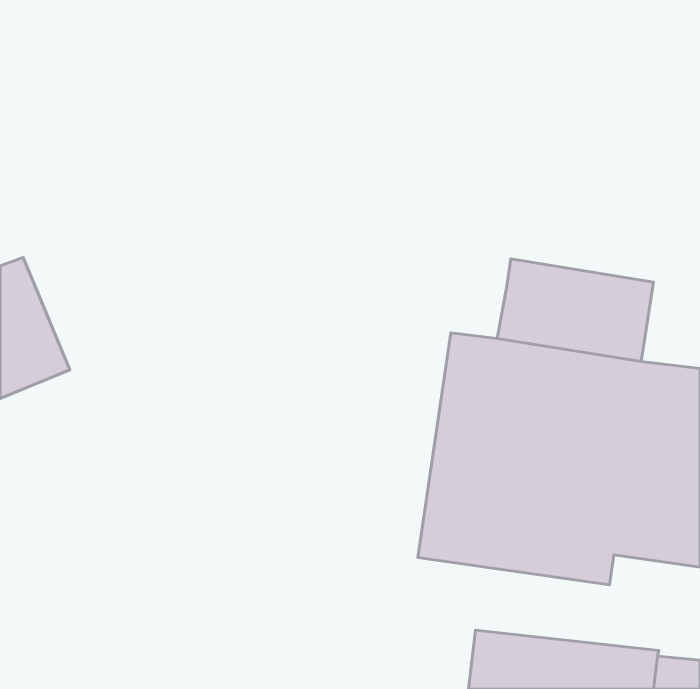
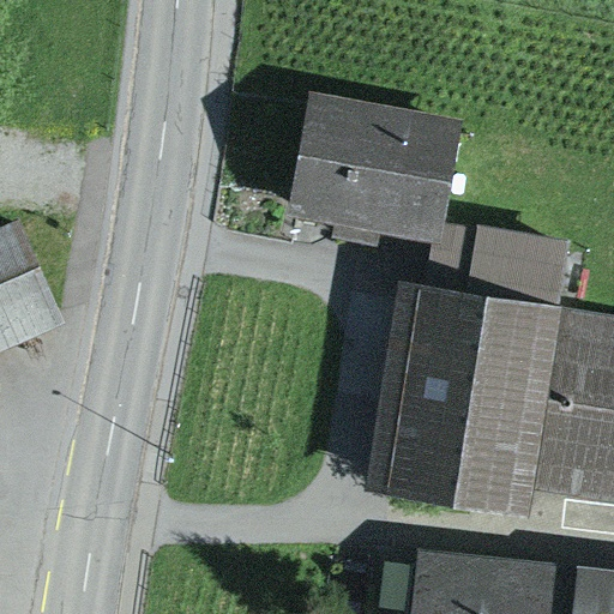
building: none -> [290,98,465,251]

